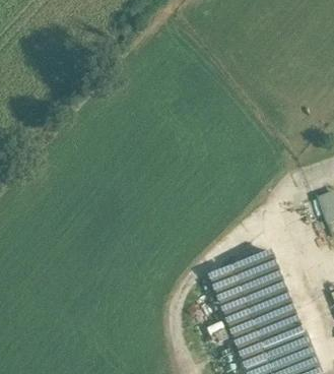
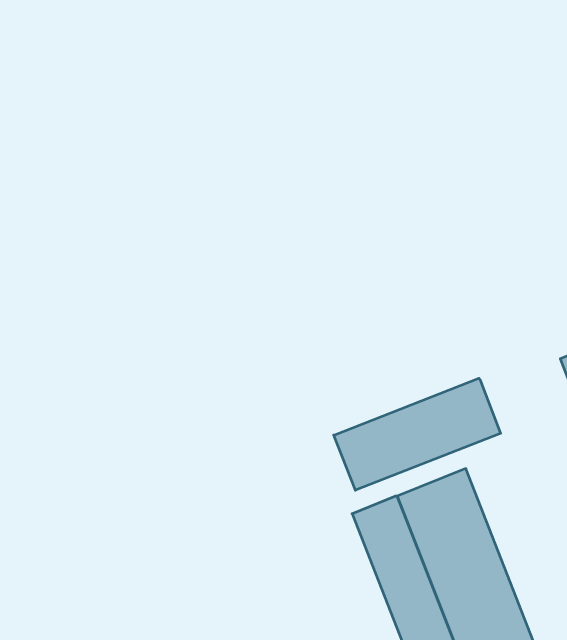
building: none -> [334,378,501,490]

